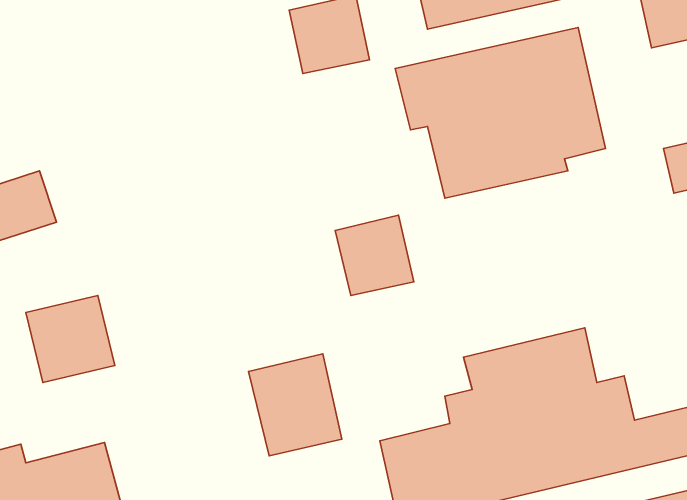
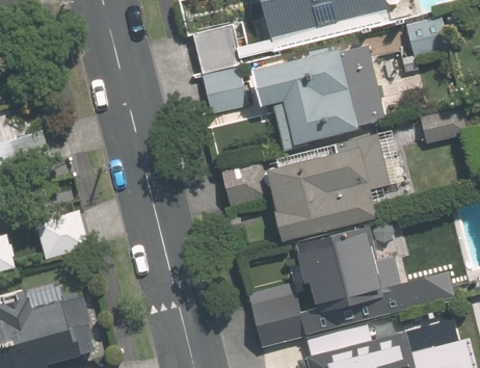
building: none -> [199,67,246,114]
building: none -> [269,133,391,238]
building: [249,354,342,456] -> none

